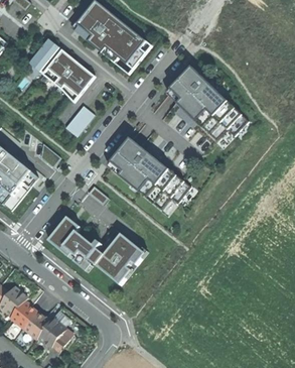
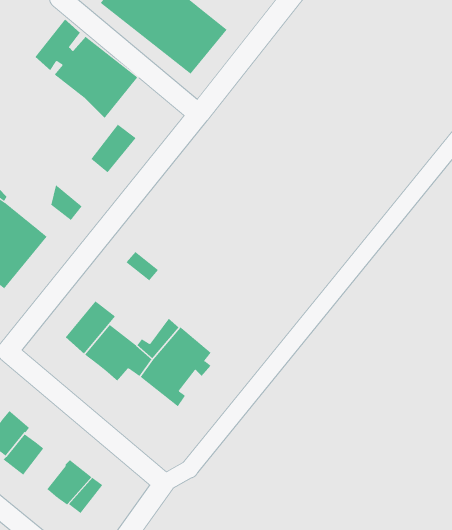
building: [166,66,248,139] -> none
building: [108,137,189,208] -> none
building: [22,310,48,337] -> none

